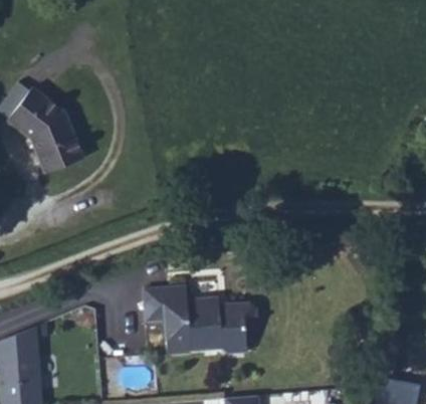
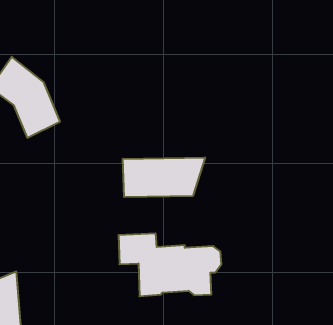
building: none -> [123,157,205,197]

